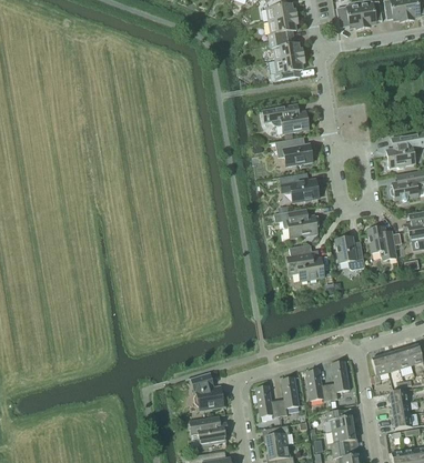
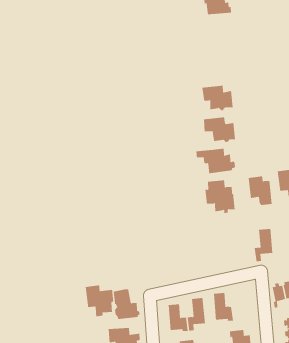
building: [270,54,305,81] -> none
building: [263,103,309,132] -> none
building: [329,362,351,401] -> [254,228,273,262]
building: none -> [85,285,114,317]

